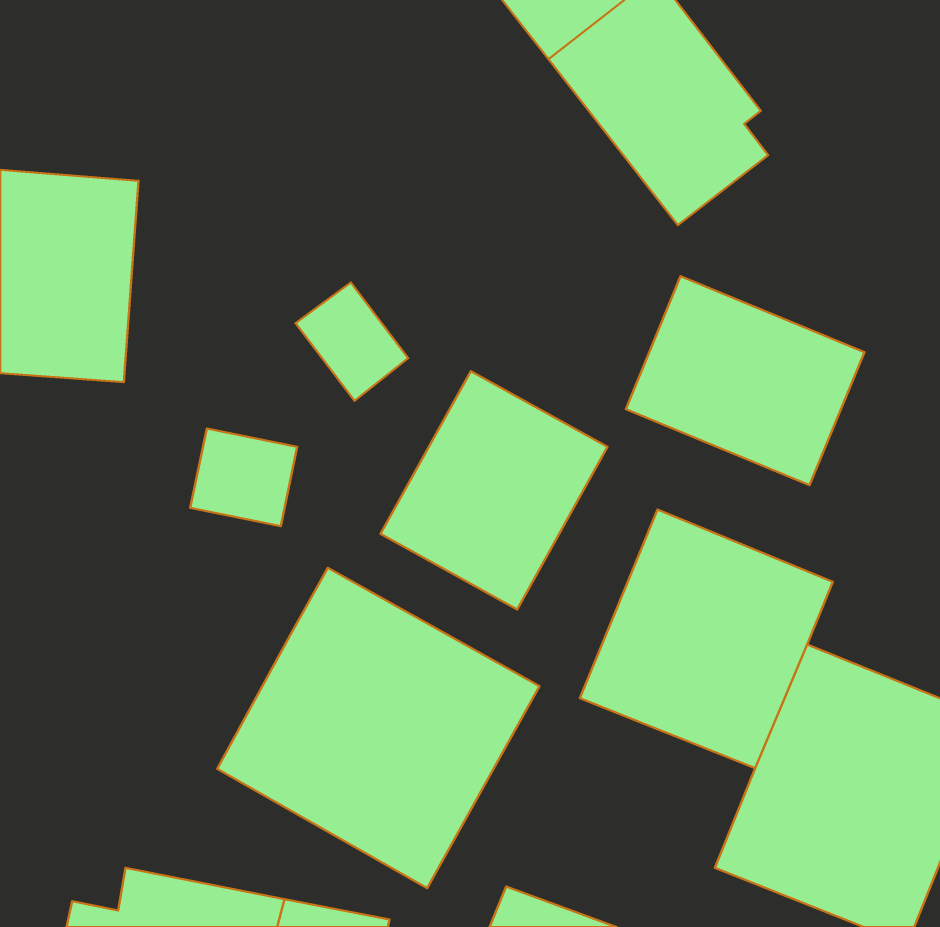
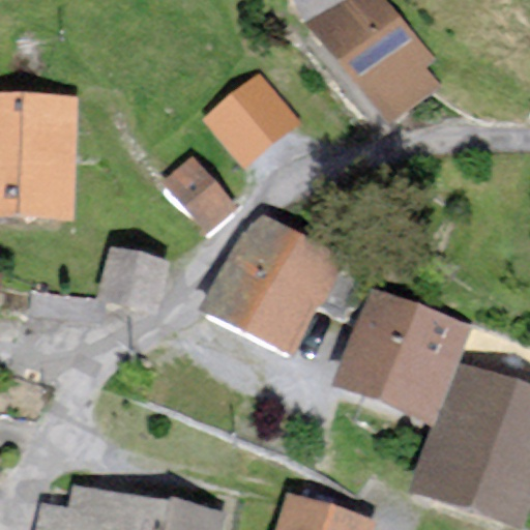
building: none -> [212,72,299,158]
building: [626,276,864,485] -> none
building: [217,568,540,888] -> none

